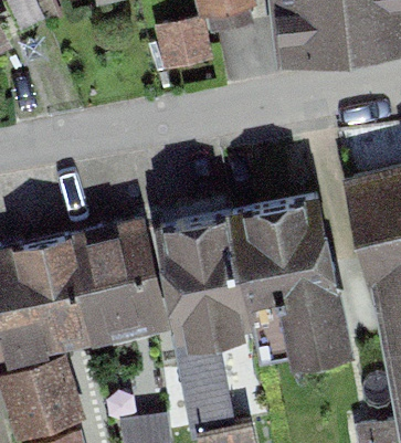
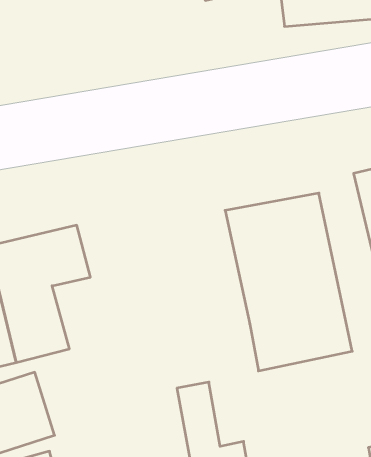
building: [160,219,254,337] -> none
building: [77,224,163,342] -> none

